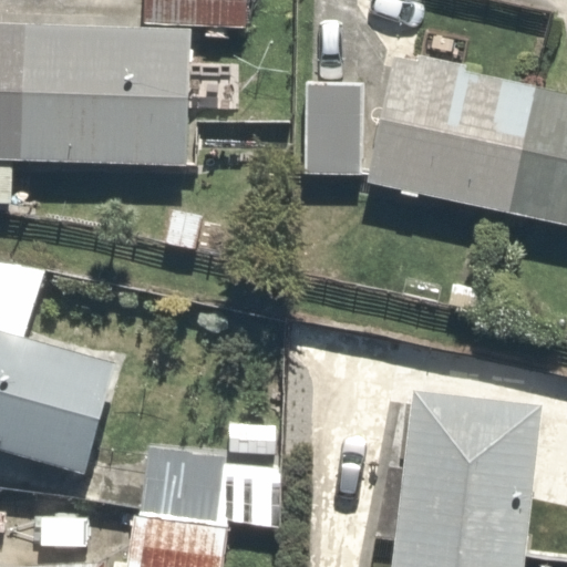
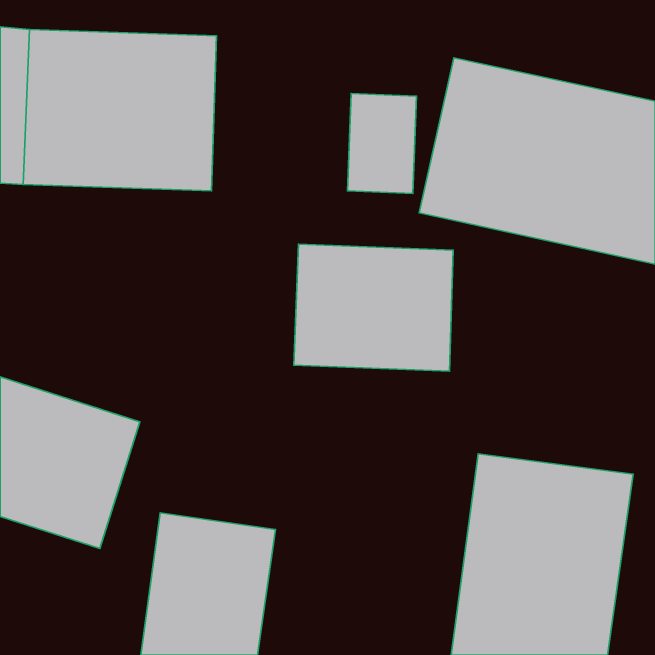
building: none -> [294,244,453,371]

